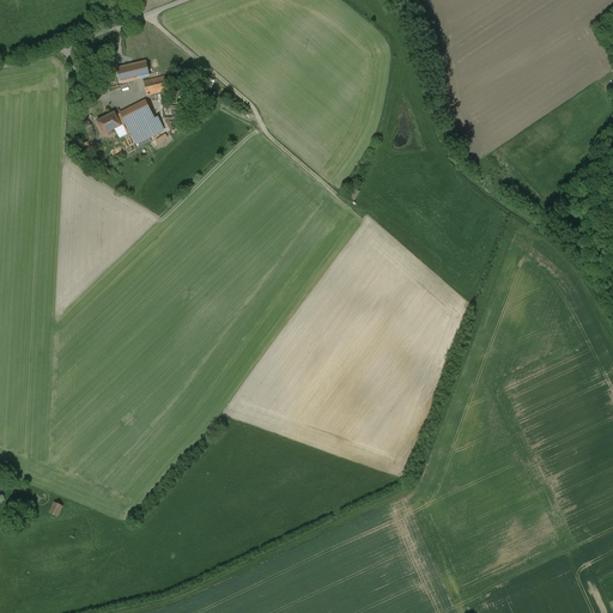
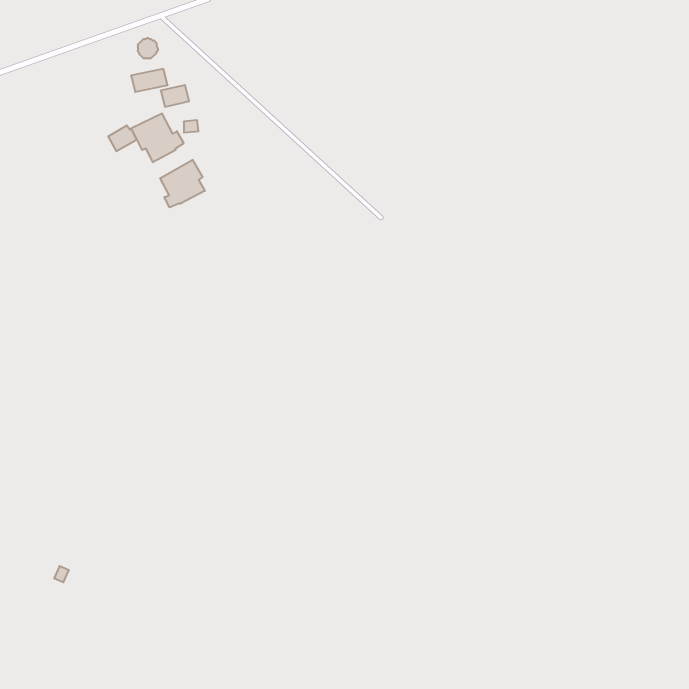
building: none -> [160,160,205,207]

